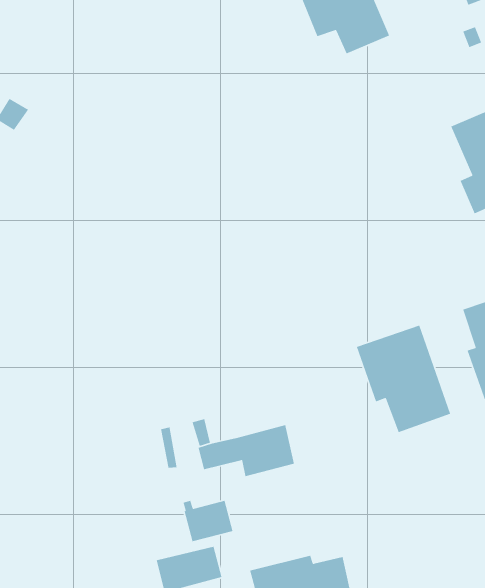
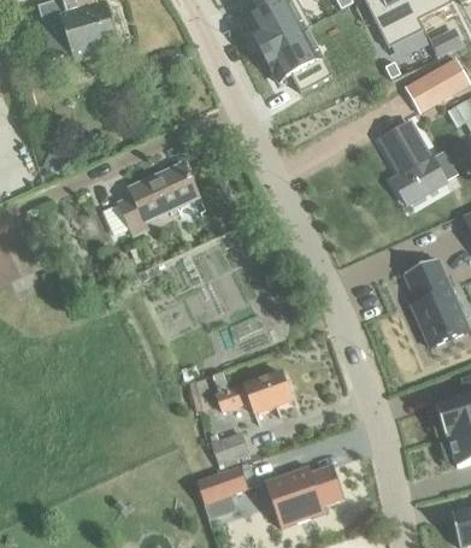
building: none -> [102,163,199,235]
building: [356,325,451,433] -> none

